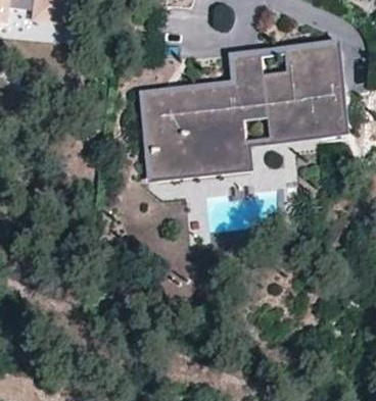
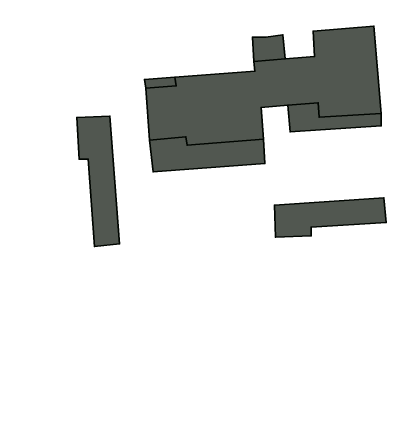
building: none -> [77,116,119,246]
building: none -> [275,198,386,237]

